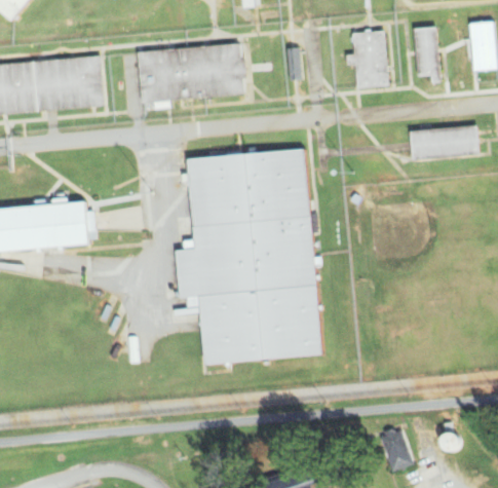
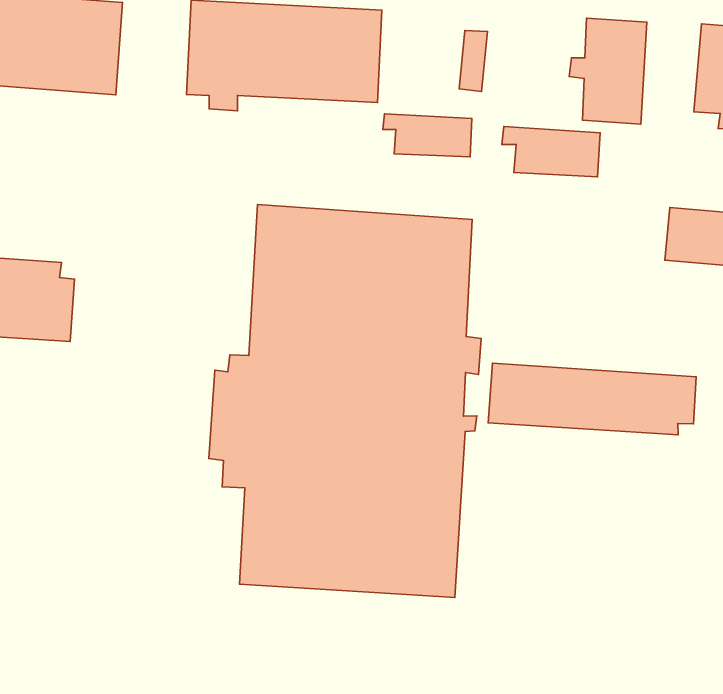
building: none -> [502,126,600,177]
building: none -> [383,114,472,157]
building: none -> [488,363,696,435]

